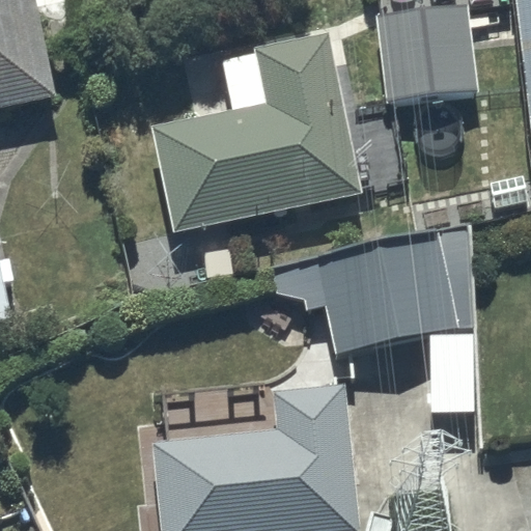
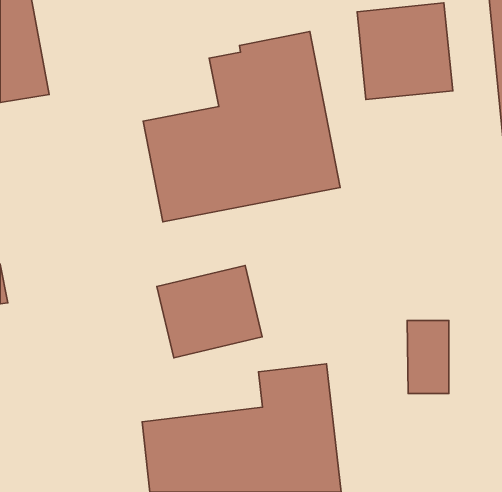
building: [272,226,474,355] -> none
building: none -> [157,266,262,358]

